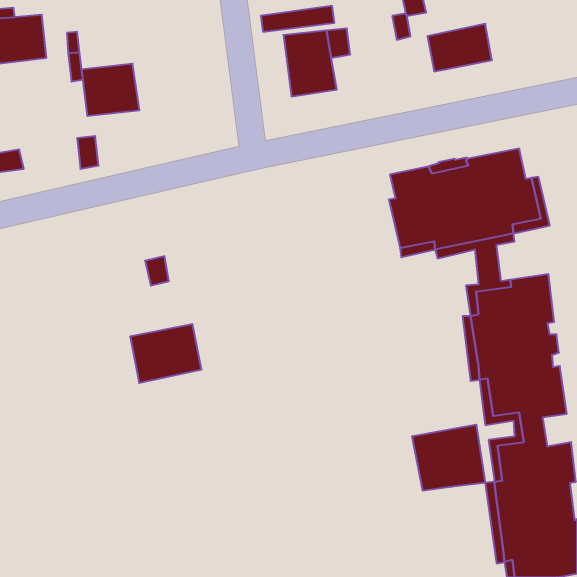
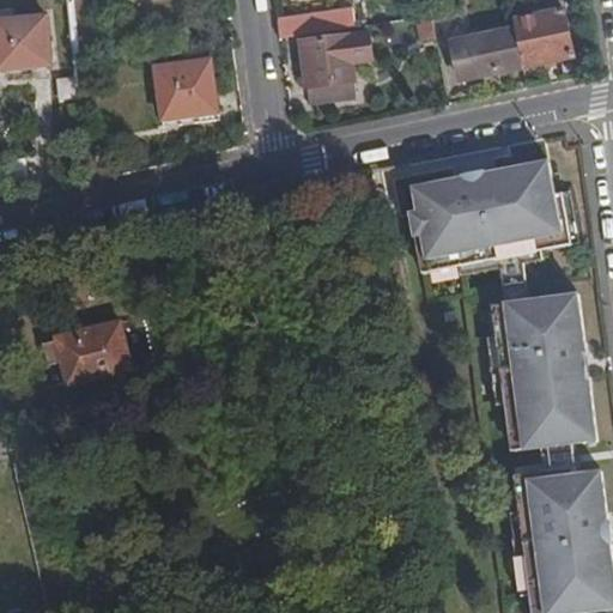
building: none -> [514,6,569,62]
building: [82,64,139,116] -> [153,60,214,115]
building: [130,324,202,383] -> [55,322,131,384]
building: [412,425,485,491] -> none

